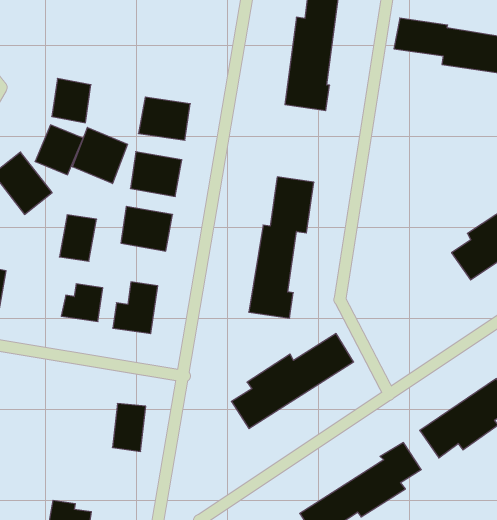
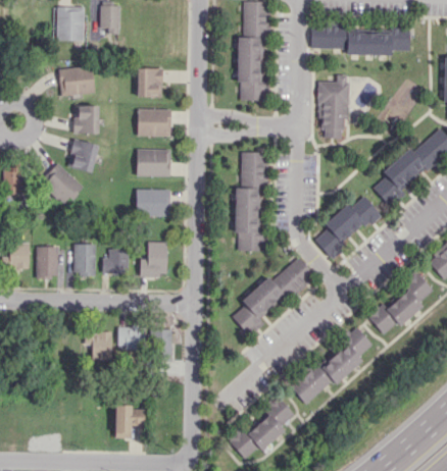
building: none -> [59,67,94,95]
building: none -> [137,68,163,97]
building: none -> [319,74,348,138]
building: [73,127,127,184] -> none
building: [59,215,97,261] -> [73,244,96,274]
building: none -> [315,196,380,256]
building: none -> [117,326,144,348]
building: none -> [85,331,111,360]

